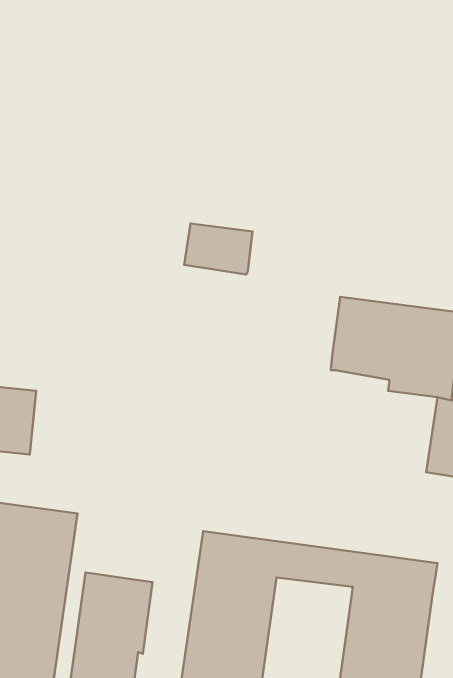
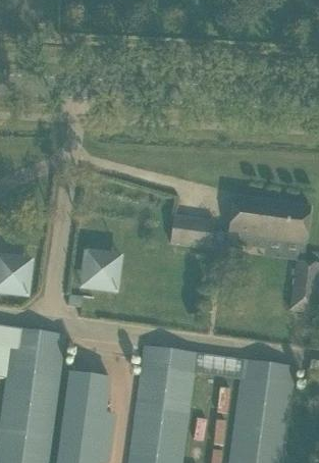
building: [184,223,253,274] -> [170,216,214,249]
building: none -> [85,251,126,293]

